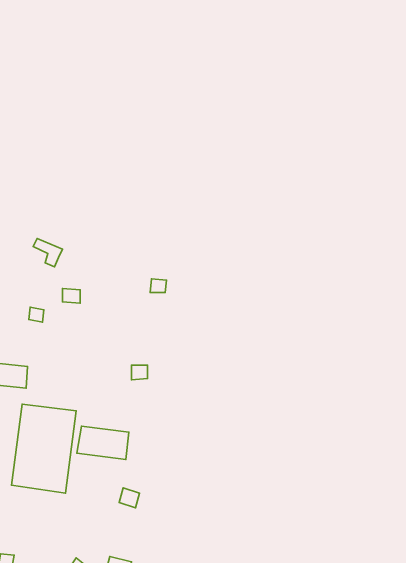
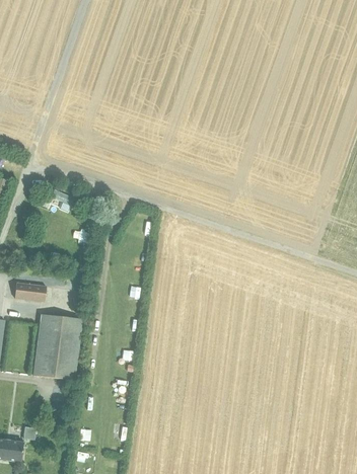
building: [77,426,129,460] -> none

